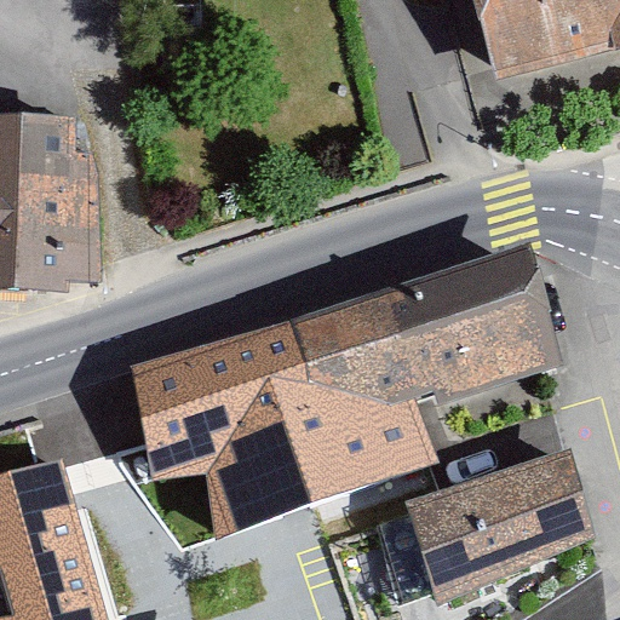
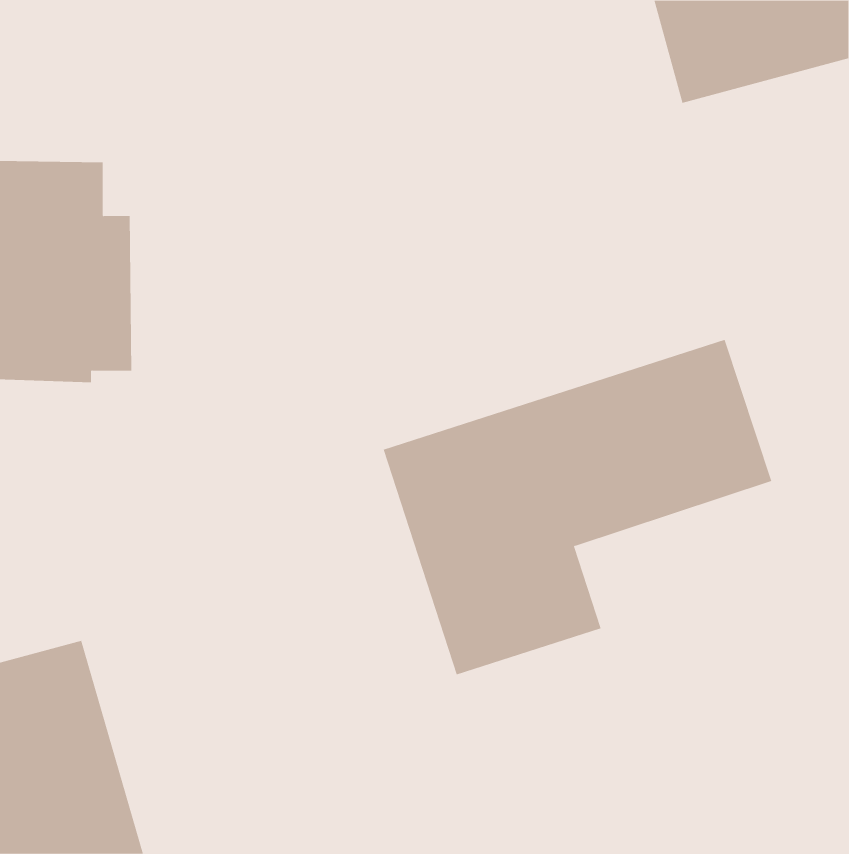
building: [133,326,331,540] -> none
building: [396,452,593,603] -> none

